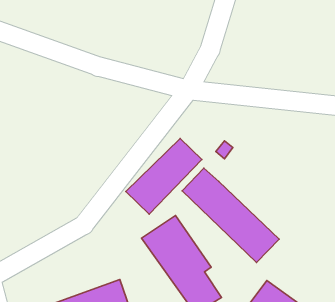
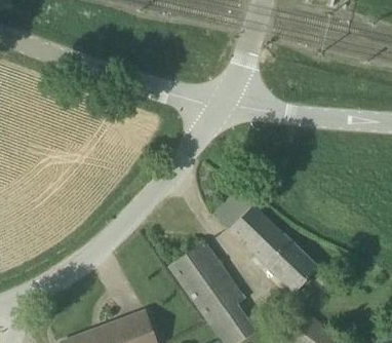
building: [126,138,202,214] -> none

